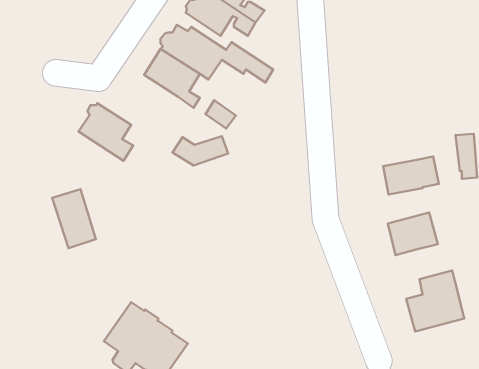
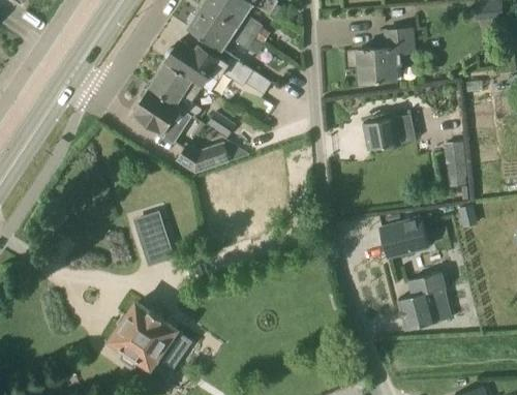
building: none -> [358,29,414,83]
building: [79,103,133,161] -> [131,87,183,142]
building: [383,156,439,195] -> [363,114,416,150]
building: [52,189,96,248] -> [132,211,174,267]

